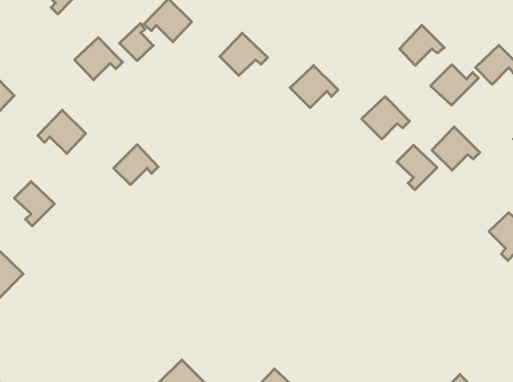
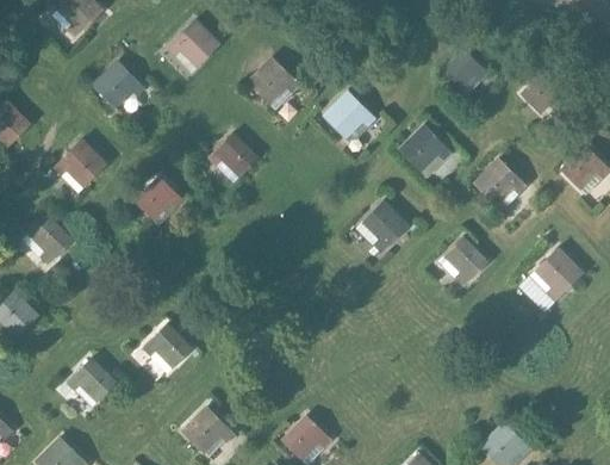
building: [119,23,153,61] -> none
building: [431,65,478,105] -> none
building: none -> [208,134,256,175]
building: [397,145,437,190] -> [444,237,487,285]
building: none -> [362,200,407,252]
building: none -> [143,324,191,367]
building: none -> [68,359,114,401]

